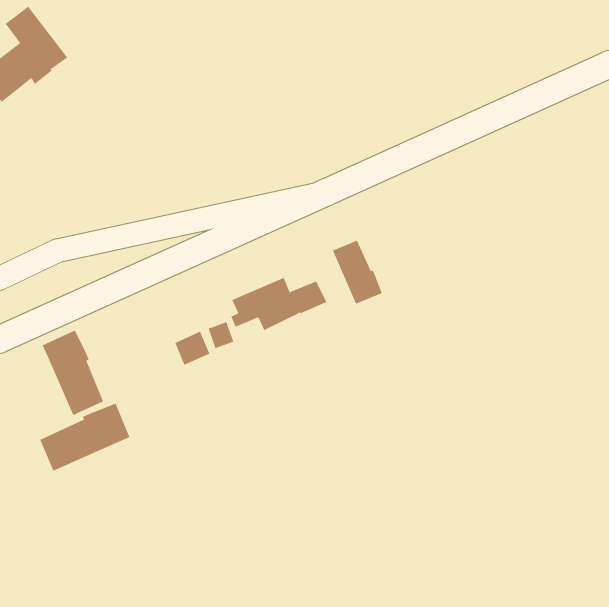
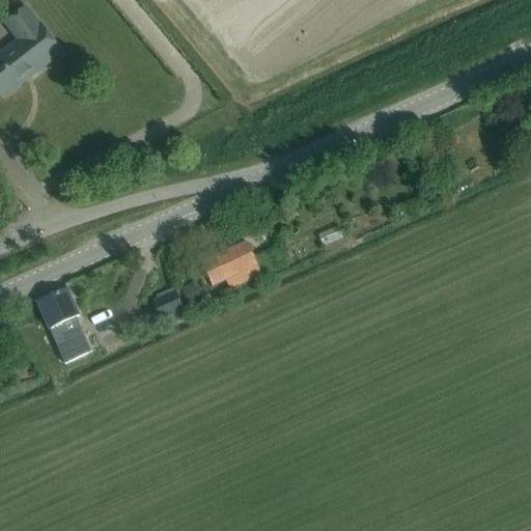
building: [332,240,382,304] -> none
building: [40,403,130,471] -> none

